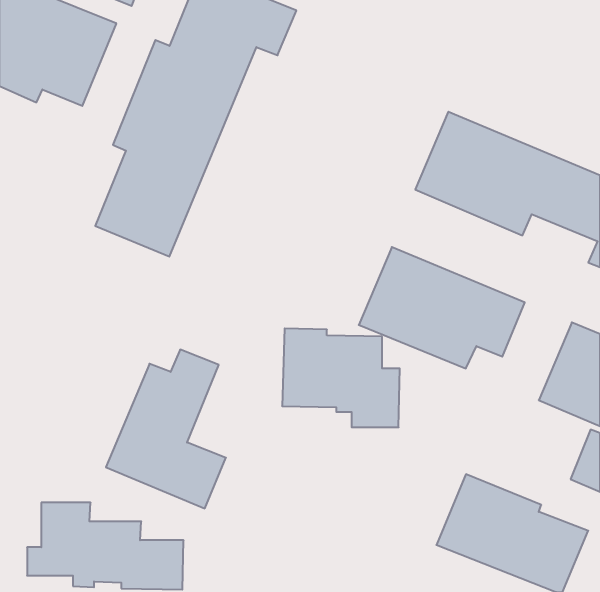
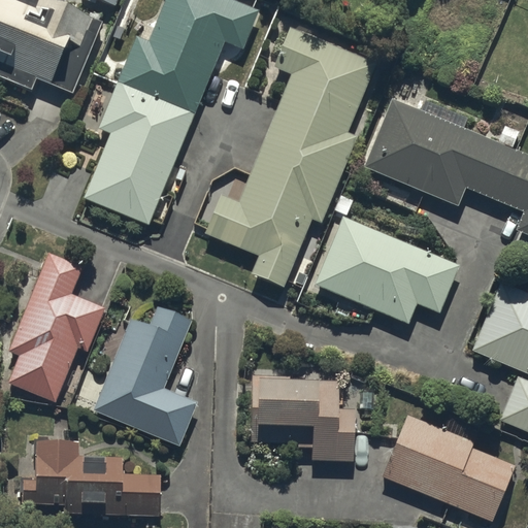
building: none -> [205,27,376,287]
building: none -> [8,252,105,401]
building: [282,328,400,427] -> [252,374,355,461]

